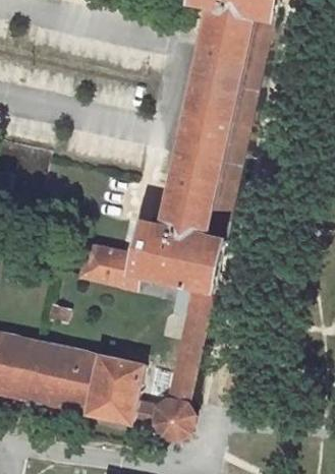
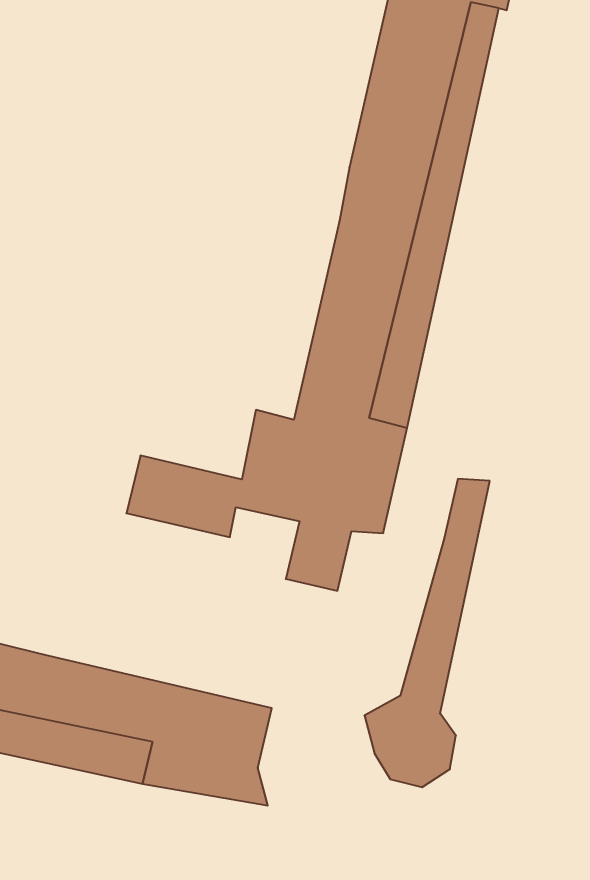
building: [147,282,211,439] -> [364,479,490,787]

